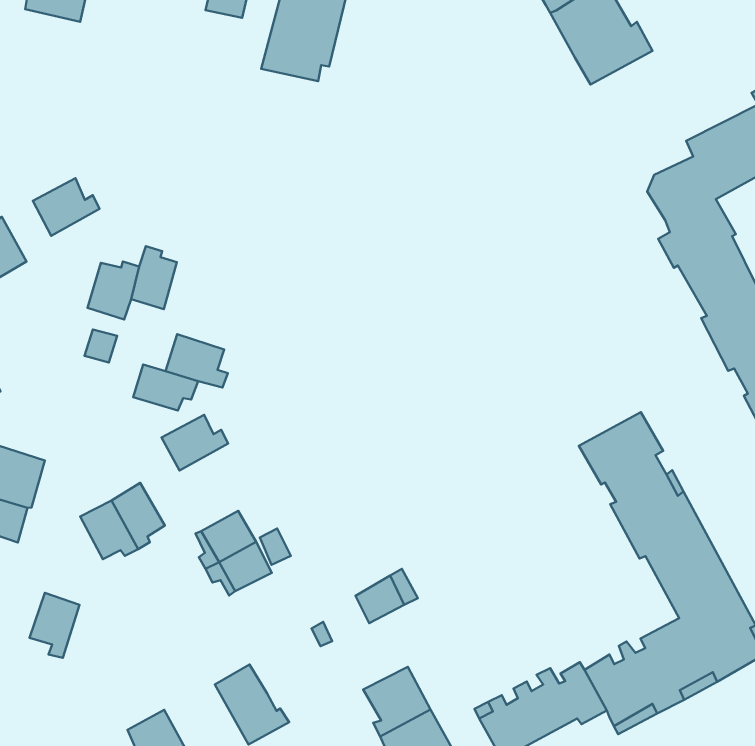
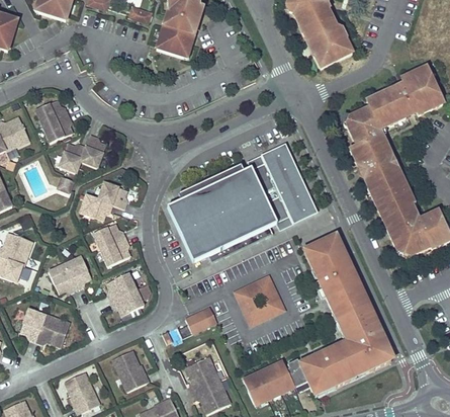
building: none -> [43,114,72,141]
building: none -> [167,150,310,262]
building: none -> [101,237,129,264]
building: none -> [235,274,285,325]
building: none -> [36,311,71,344]

